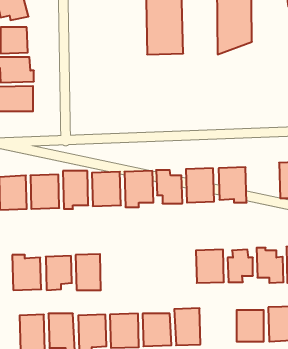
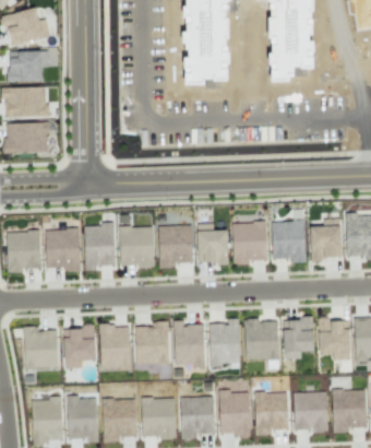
building: none -> [310,217,340,259]
building: none -> [135,320,169,364]
building: none -> [173,320,204,366]
building: none -> [208,321,239,365]
building: none -> [253,391,288,433]

